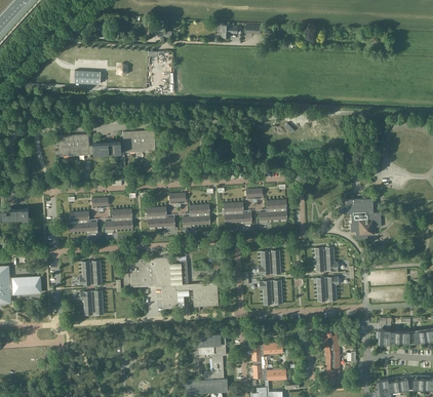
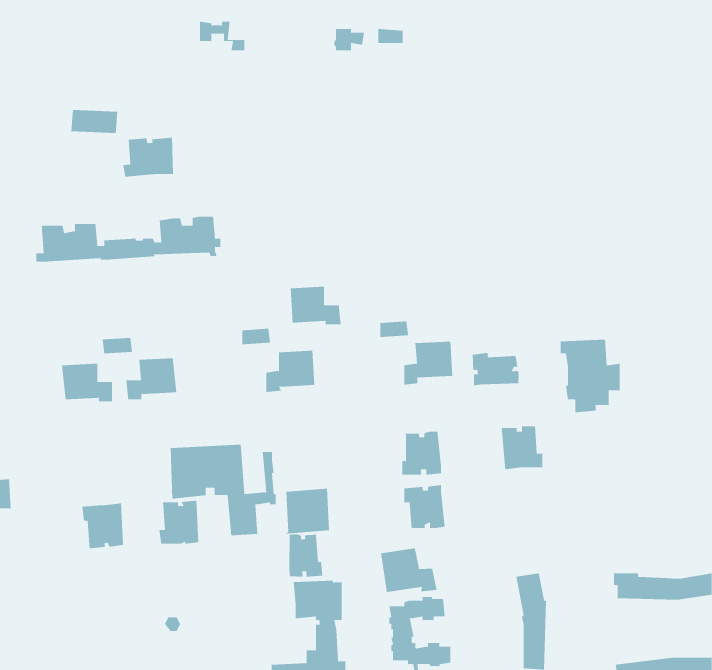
building: none -> [123,137,174,178]
building: [224,203,252,225] -> [290,286,341,325]
building: none -> [472,352,519,386]
building: [147,207,175,230] -> none
building: [79,261,102,285] -> [159,500,199,544]
building: [316,277,339,302] -> none
building: none -> [289,534,323,578]
building: none -> [380,548,437,593]

